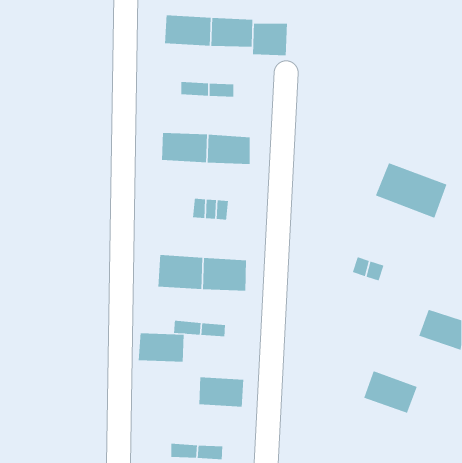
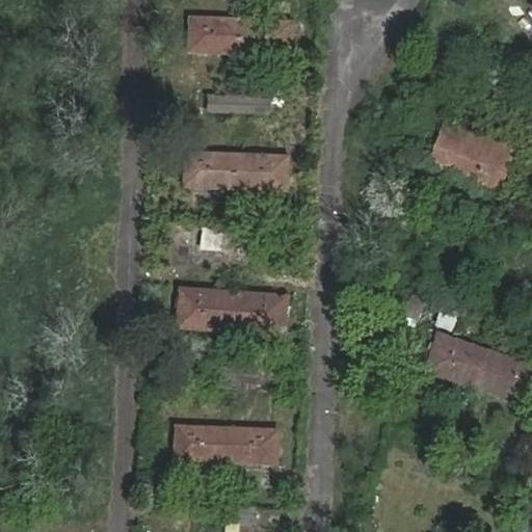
building: [252,23,288,56] -> none
building: [375,162,448,219] -> [430,122,513,186]
building: [138,333,184,363] -> [175,427,228,461]
building: [363,370,418,414] -> [426,334,488,383]

